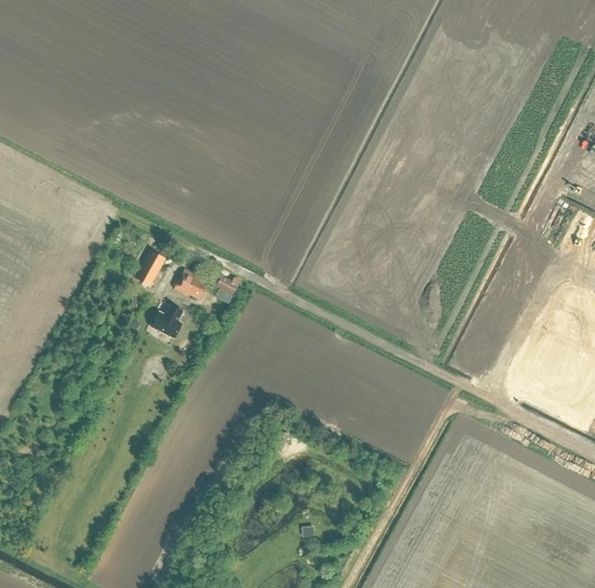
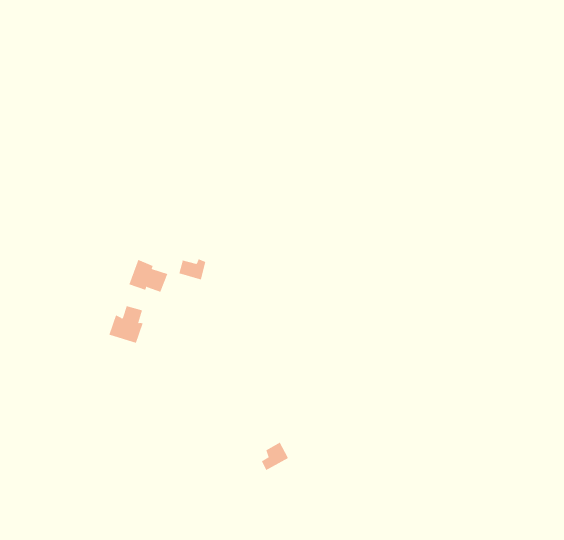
building: [137,251,169,288] -> none

